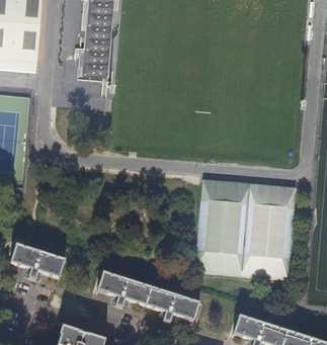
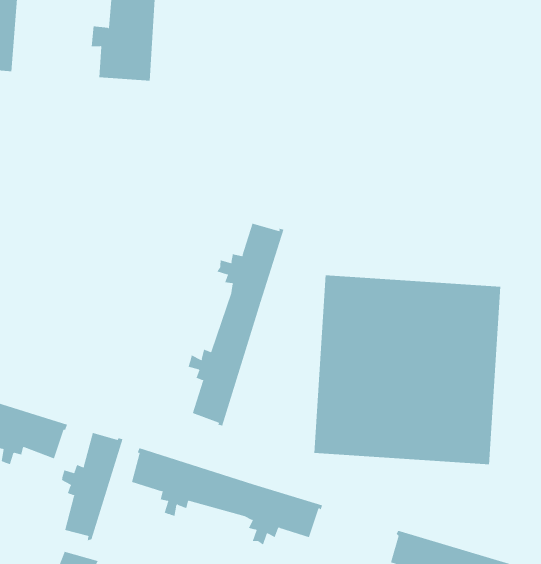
building: none -> [188,223,284,426]
building: none -> [61,432,123,541]

